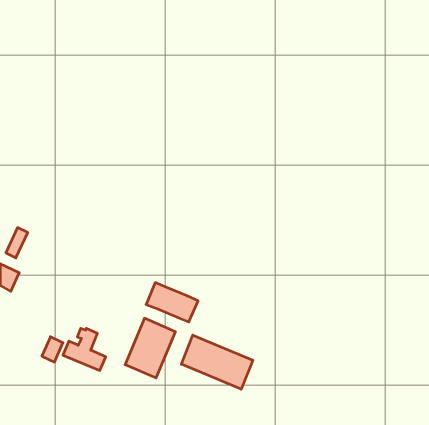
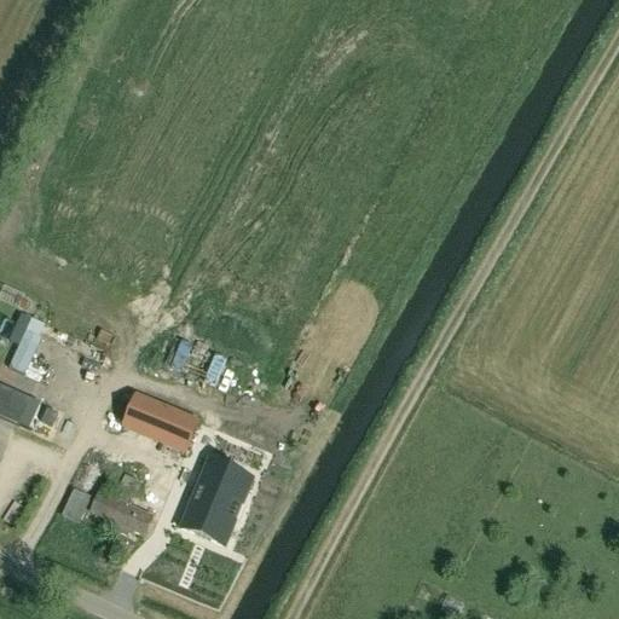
building: [146,283,198,322] -> [123,393,198,450]
building: [181,335,253,389] -> none

